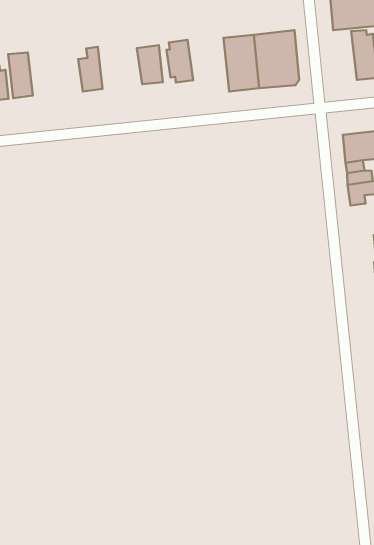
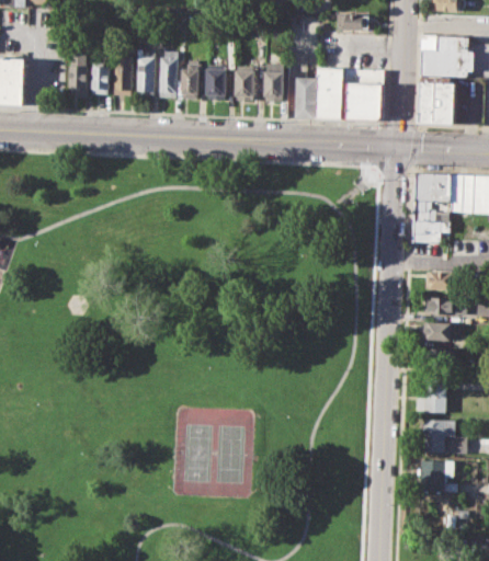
building: none -> [419,78,436,125]
building: none -> [158,50,177,98]
building: none -> [136,50,153,95]
building: none -> [294,78,314,118]
building: none -> [205,68,226,99]

